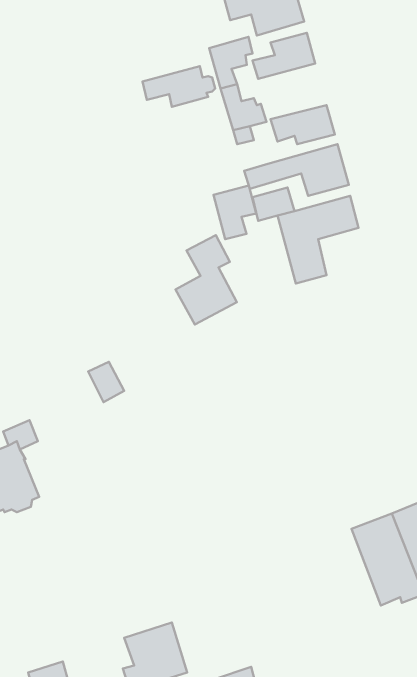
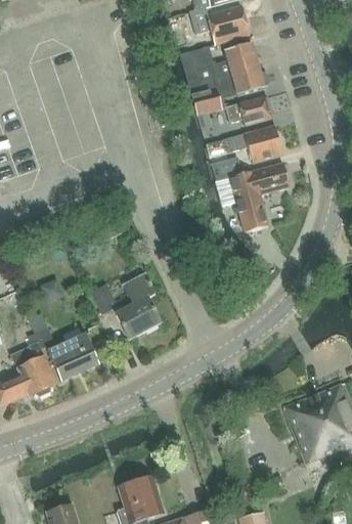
building: [143,66,215,107] -> [215,64,268,94]
building: [213,186,256,239] -> none
building: [175,235,237,324] -> [115,273,160,339]
building: none -> [47,333,98,380]

